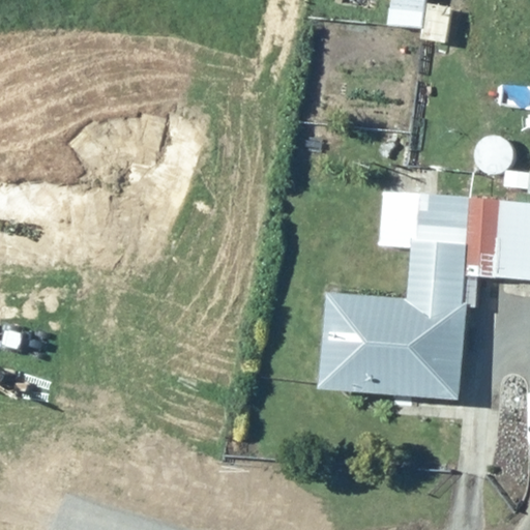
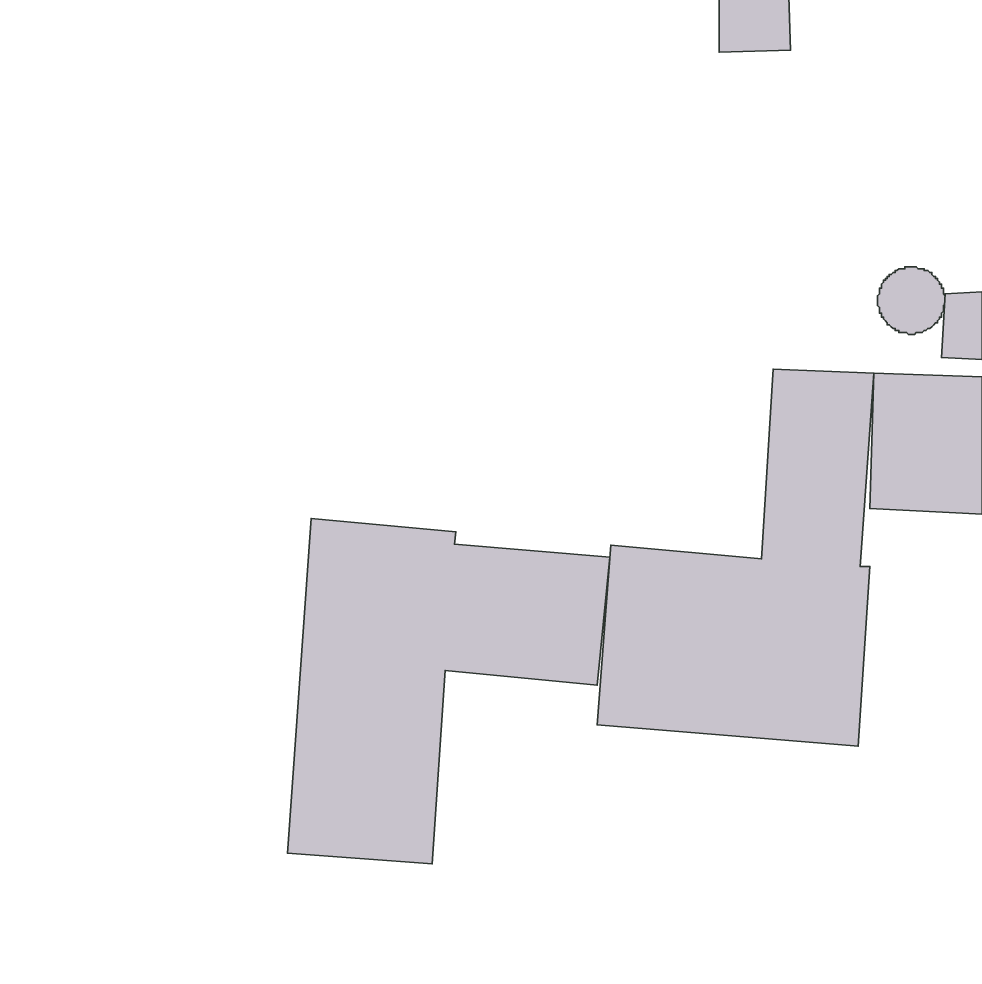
building: none -> [287,518,610,864]

